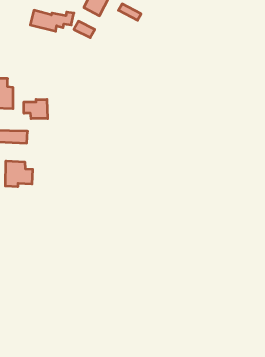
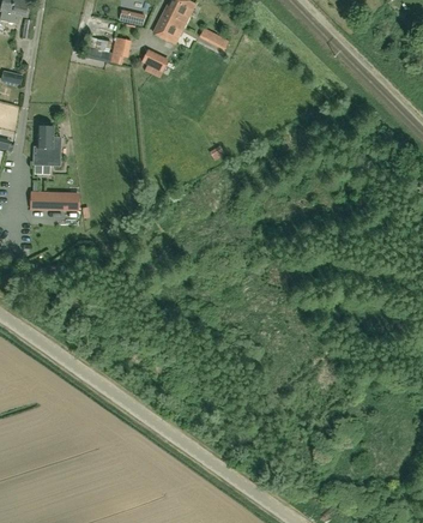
building: [24,99,48,119] -> none
building: [5,161,33,187] -> none

